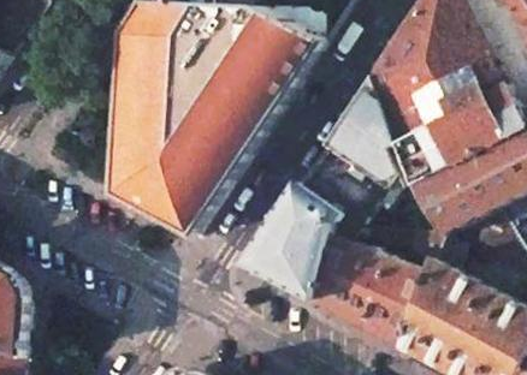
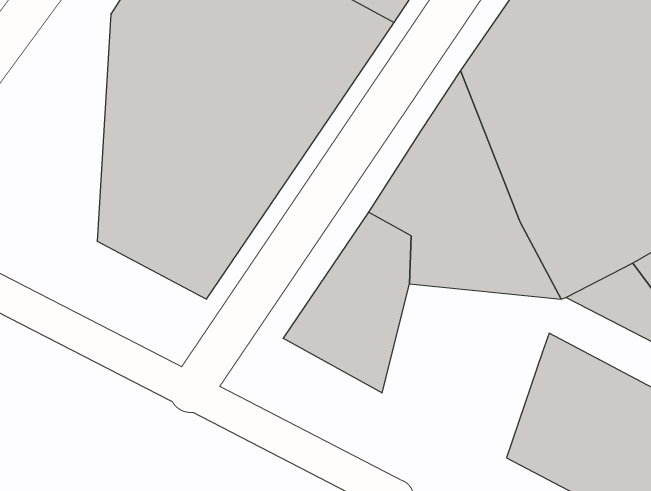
building: [309,224,436,346] -> none

